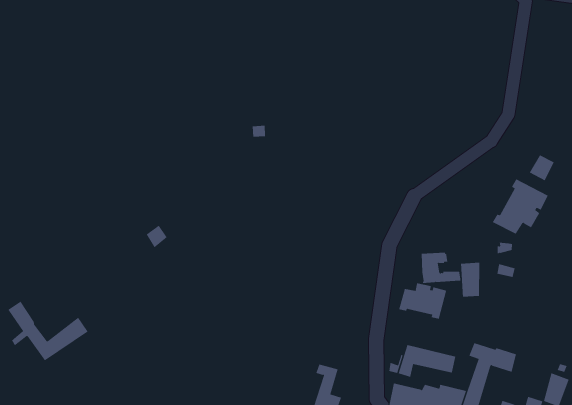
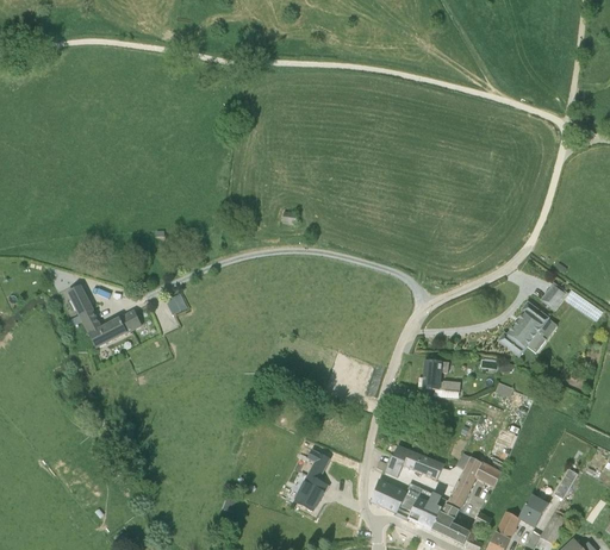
building: [460,262,480,298] -> none
building: [398,282,447,320] -> none
building: [8,301,88,361] -> [66,286,141,346]

